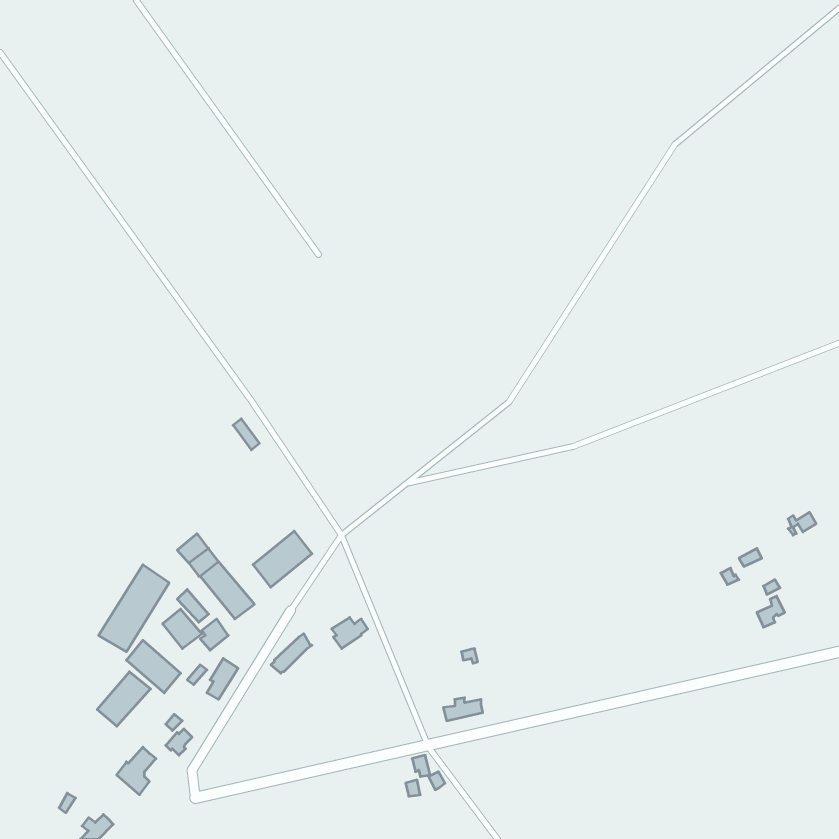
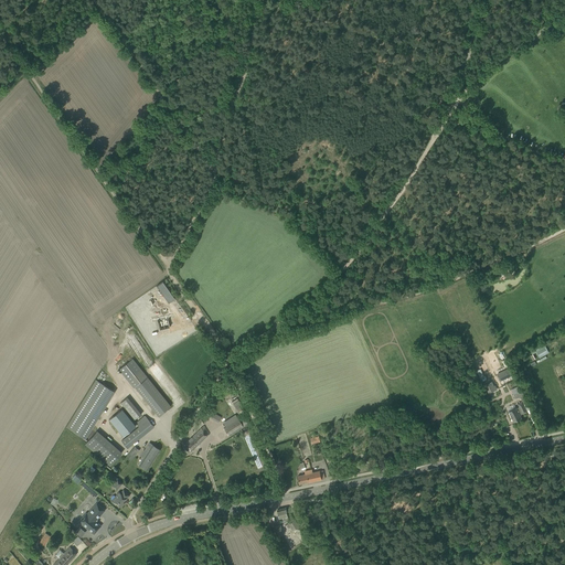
building: [253,531,312,587] -> none
building: [97,672,151,726] -> none

